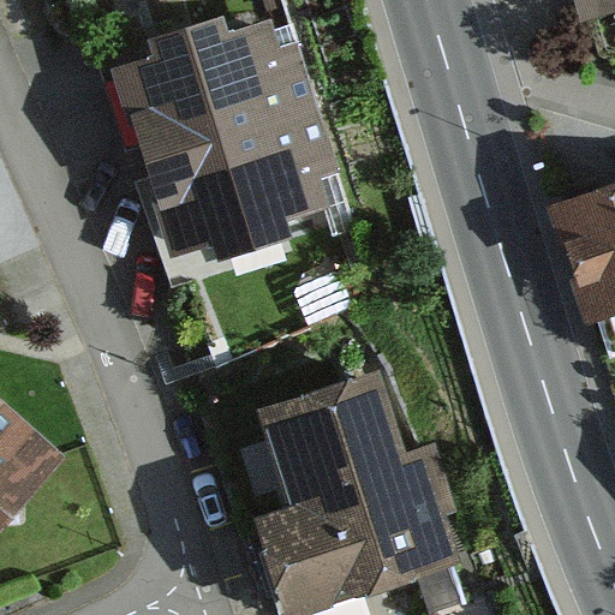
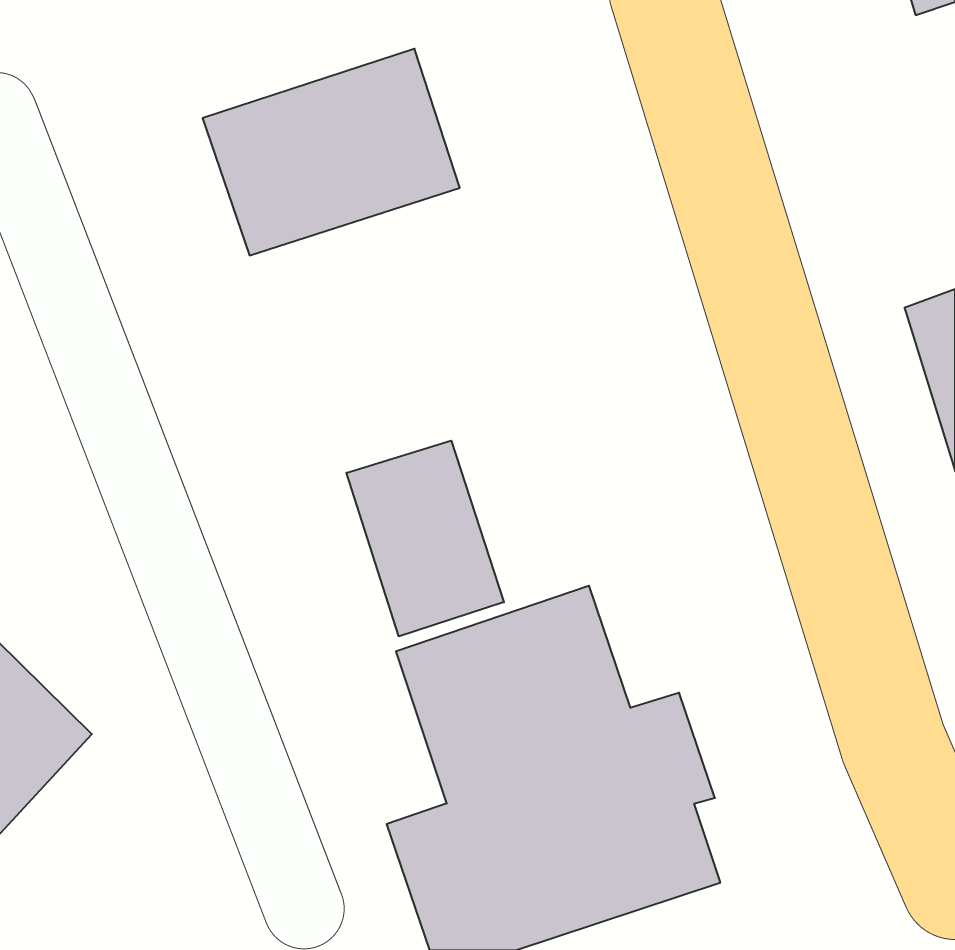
building: [160,120,323,252] -> none
building: none -> [346,441,504,636]

